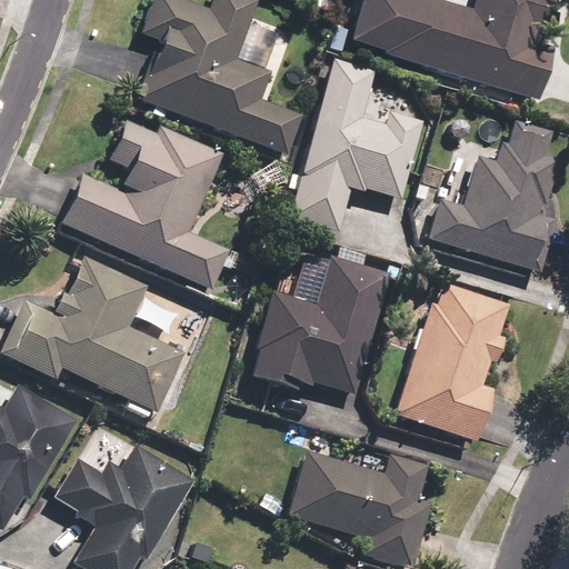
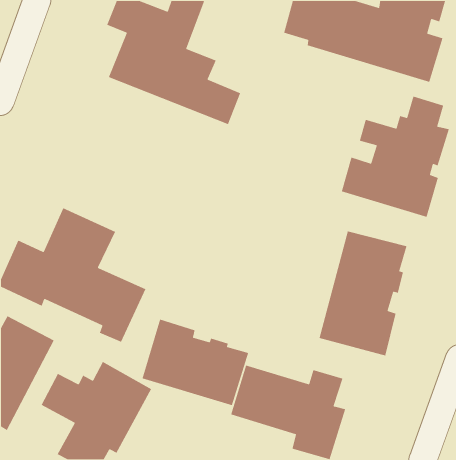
building: [284,56,423,232] -> none
building: [61,113,229,289] -> none
building: [244,254,393,392] -> none
building: none -> [141,318,249,406]

